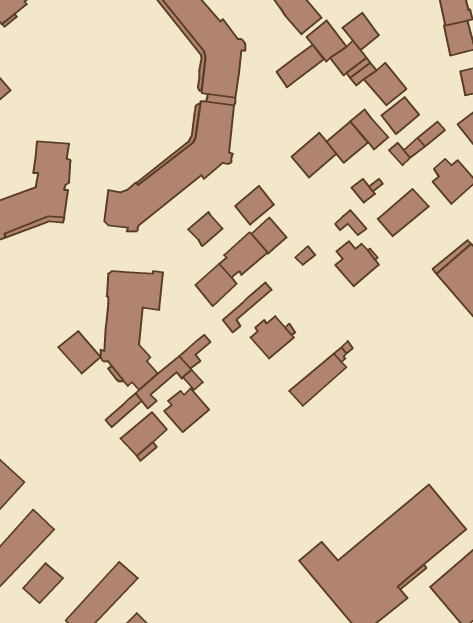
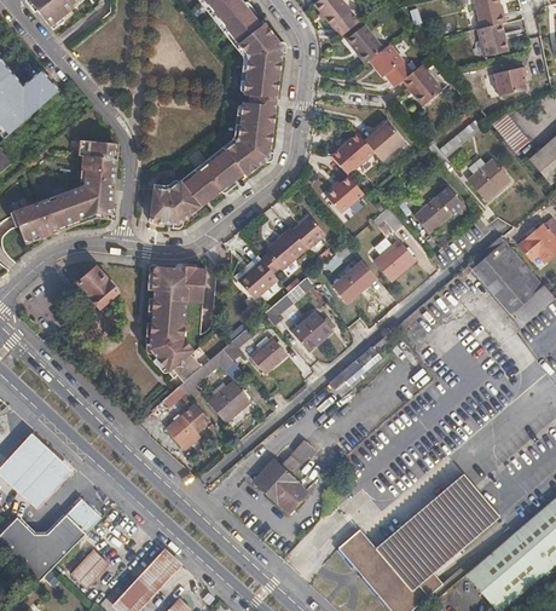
building: [342,13,379,50] -> none
building: [277,45,324,87] -> none
building: [381,97,419,134] -> none
building: [350,109,388,149] -> none
building: [235,186,274,225] -> [326,175,364,213]
building: [188,212,223,246] -> none
building: none -> [332,265,371,304]
building: [58,331,101,374] -> [77,266,118,307]
building: none -> [250,335,289,375]
building: none -> [254,439,315,513]

